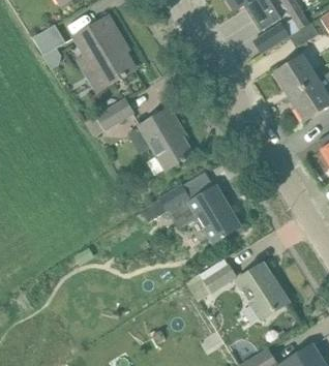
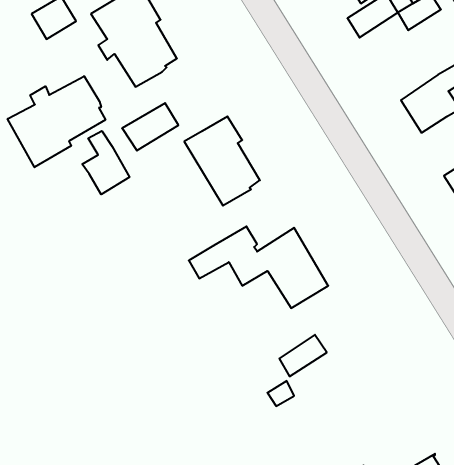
building: [274,57,316,97] -> none
building: none -> [8,76,105,167]
building: none -> [82,131,129,194]
building: [237,264,287,318] -> none

